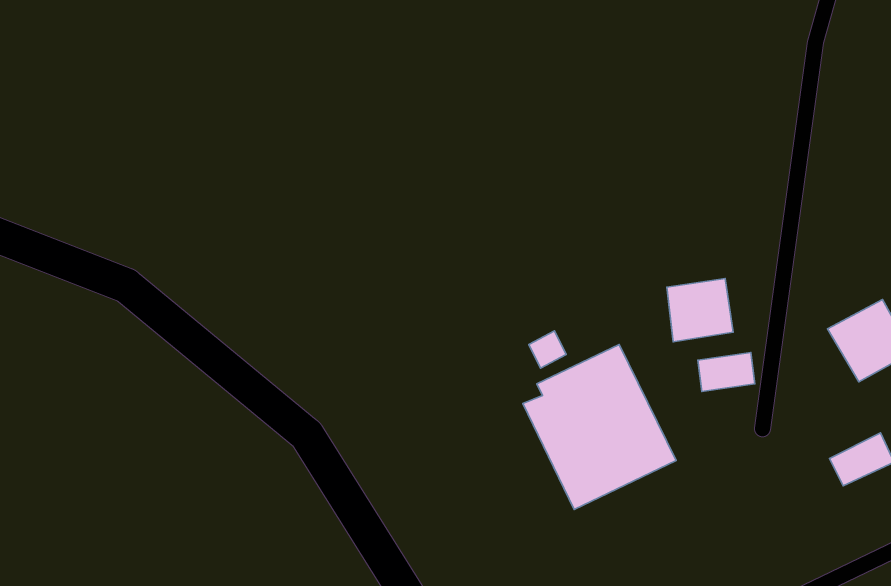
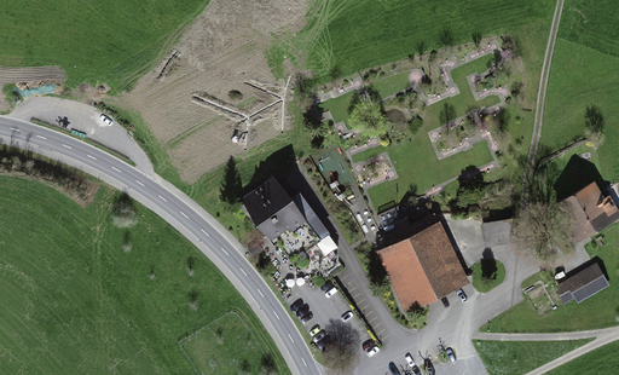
building: [667,279,733,342] -> none
building: none -> [247,173,328,260]

